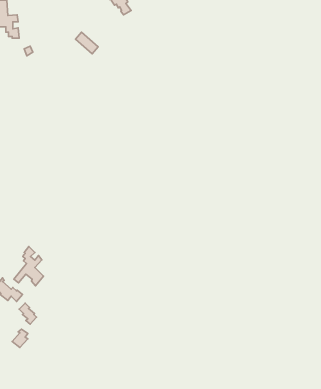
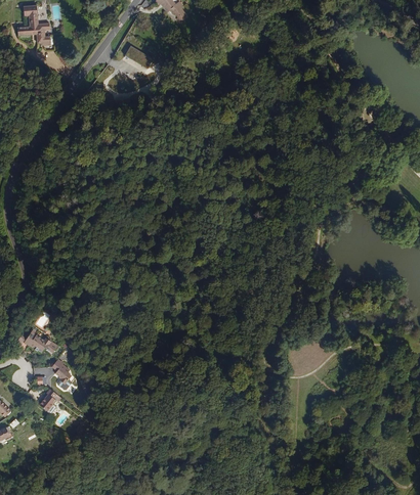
building: [14,247,44,286] -> none

